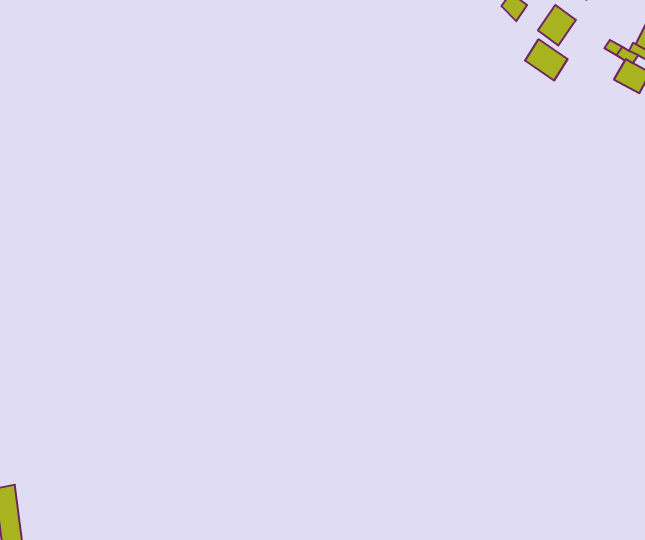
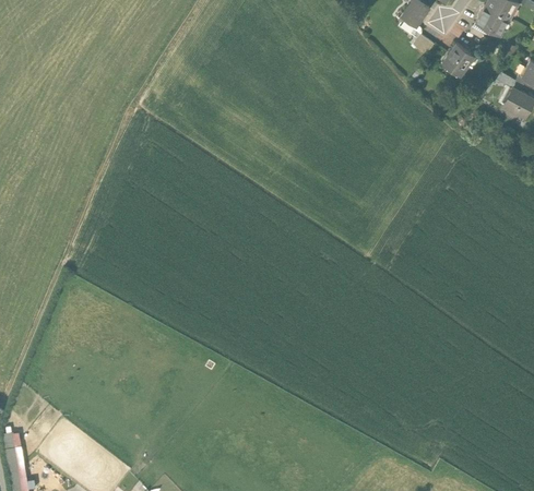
building: [525,39,568,81] -> none

